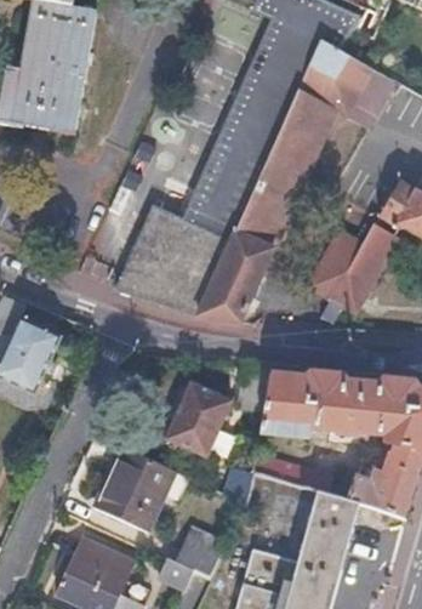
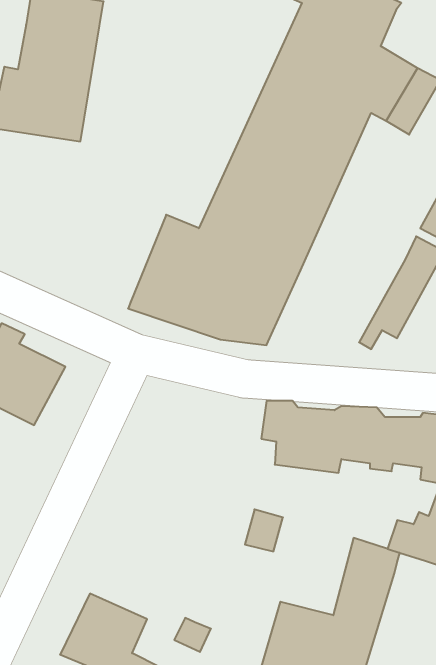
building: [309,226,365,295] -> none
building: [167,383,229,457] -> none
building: [95,446,173,533] -> none
building: [177,530,227,580] -> none

